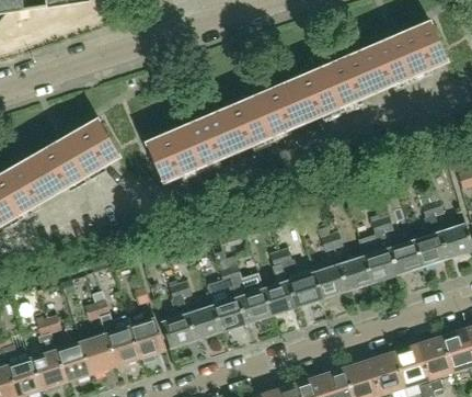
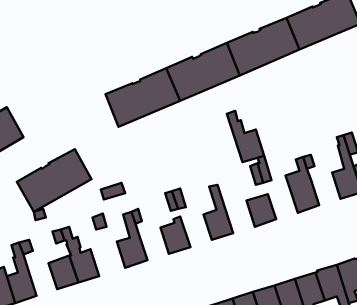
building: [31,121,118,194] -> [17,149,92,212]
building: [388,236,423,274] -> none
building: [278,247,322,307] -> [227,111,264,162]
building: [337,252,372,291] -> none
building: [234,284,272,324] -> none
building: [186,300,221,339] -> none
building: [129,318,164,358] -> none
building: [56,342,90,381] -> none

